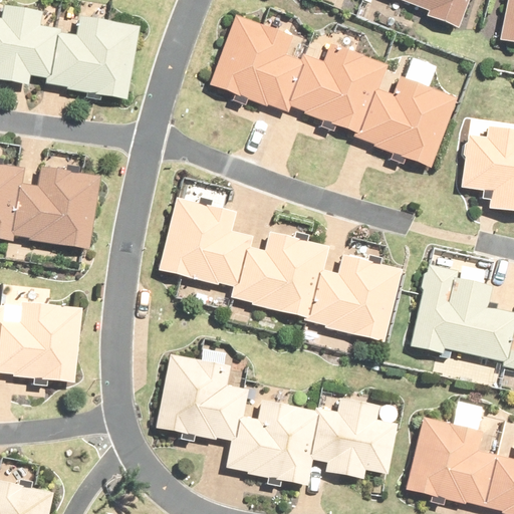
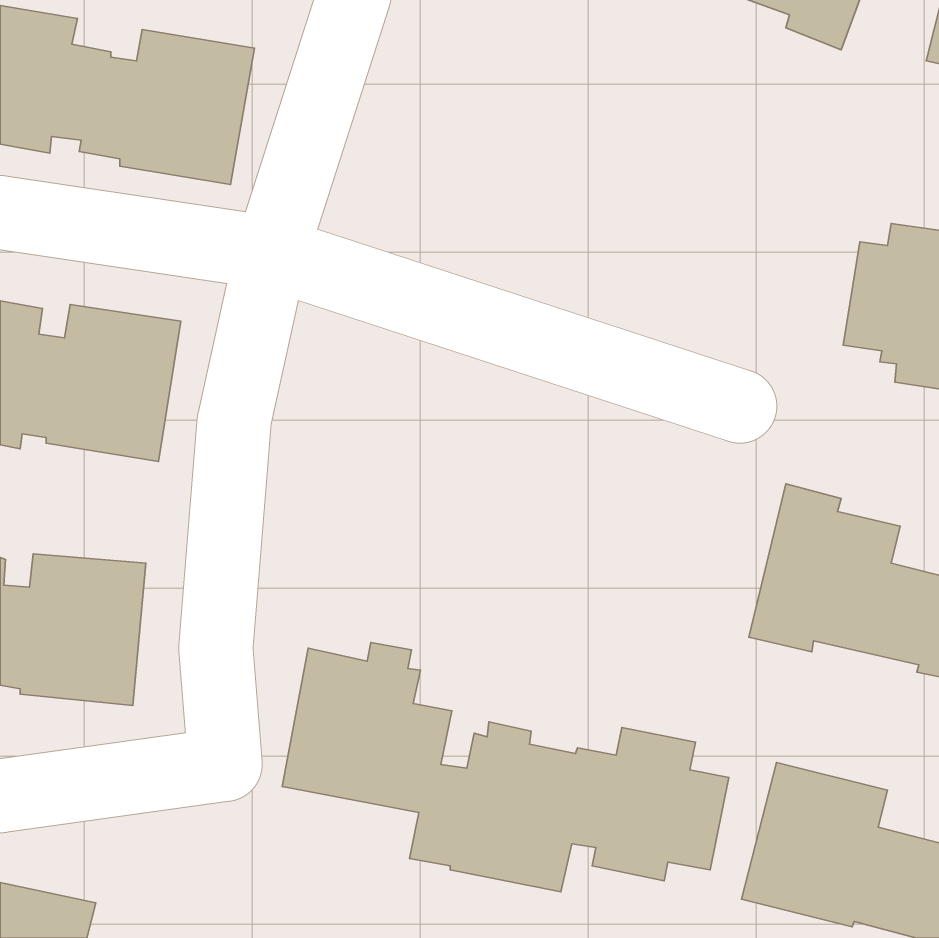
building: [210,15,459,168] -> none
building: [159,195,403,341] -> none

